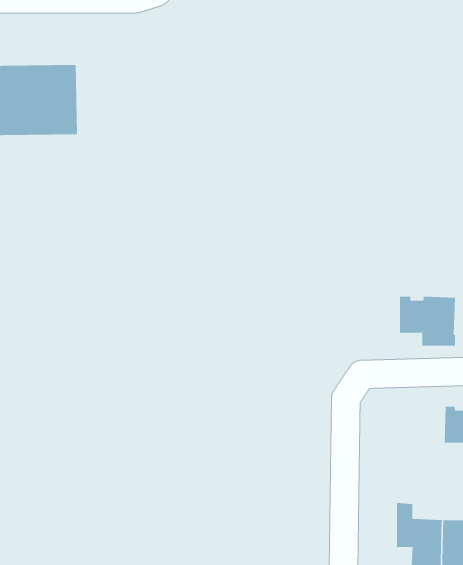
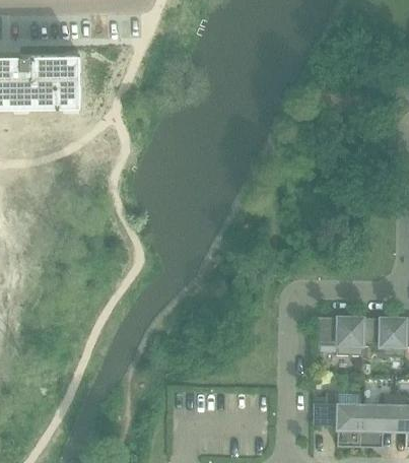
building: [398,296,456,346] -> [318,316,362,354]

